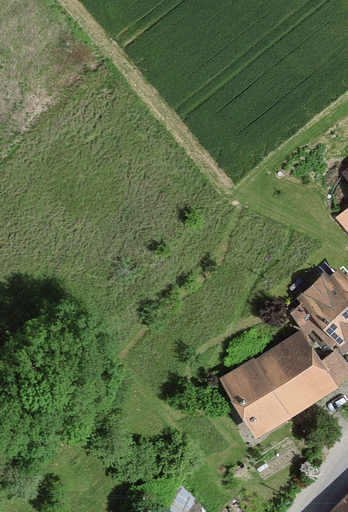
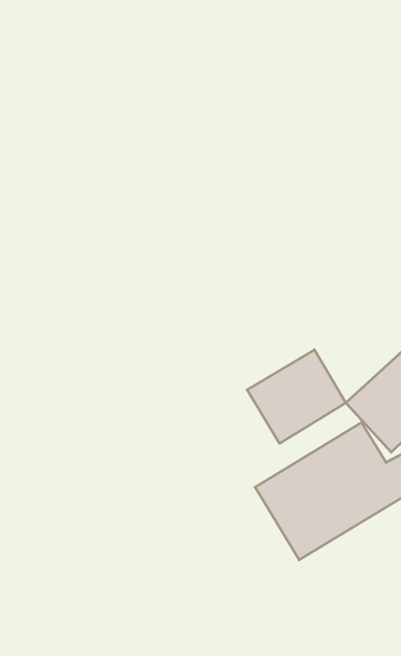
building: none -> [247,350,346,443]

